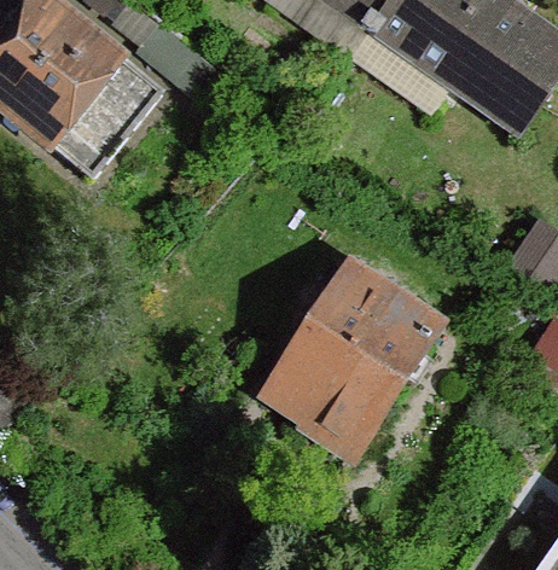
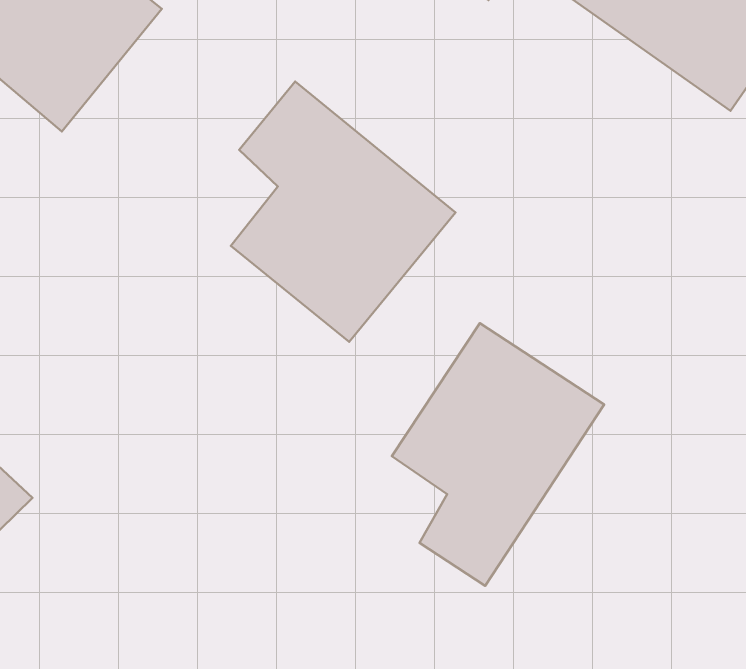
building: [51,56,161,175] -> none
building: none -> [231,81,456,342]

